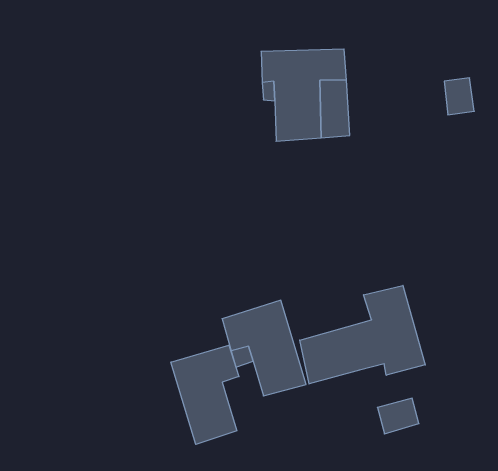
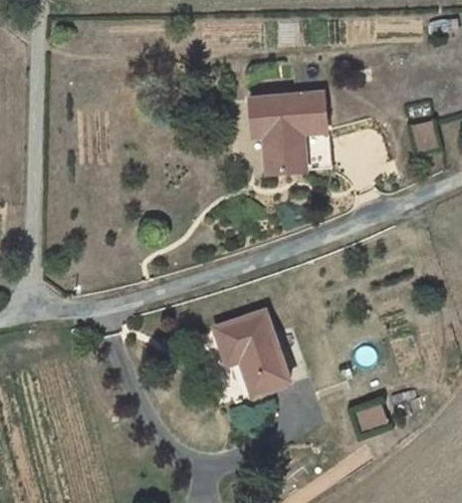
building: [300,285,425,384] -> none
building: [171,345,239,444] -> none

